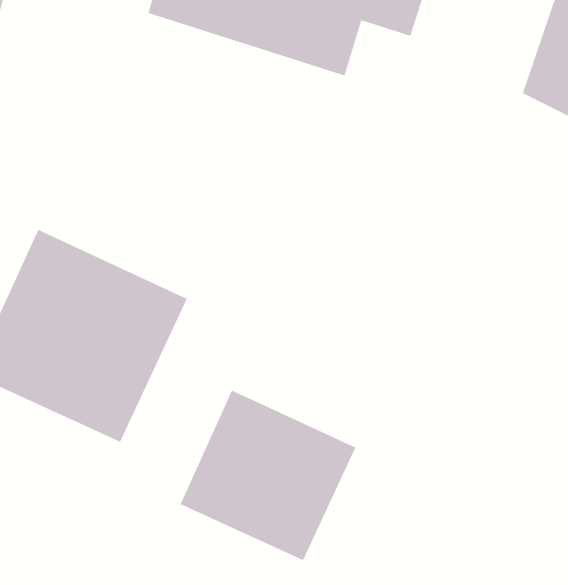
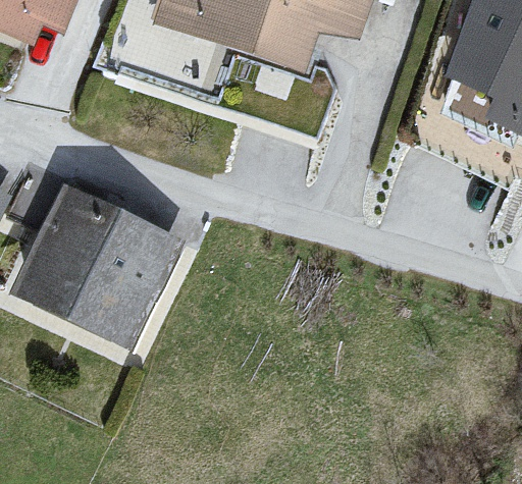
building: [179,390,356,561] -> none

